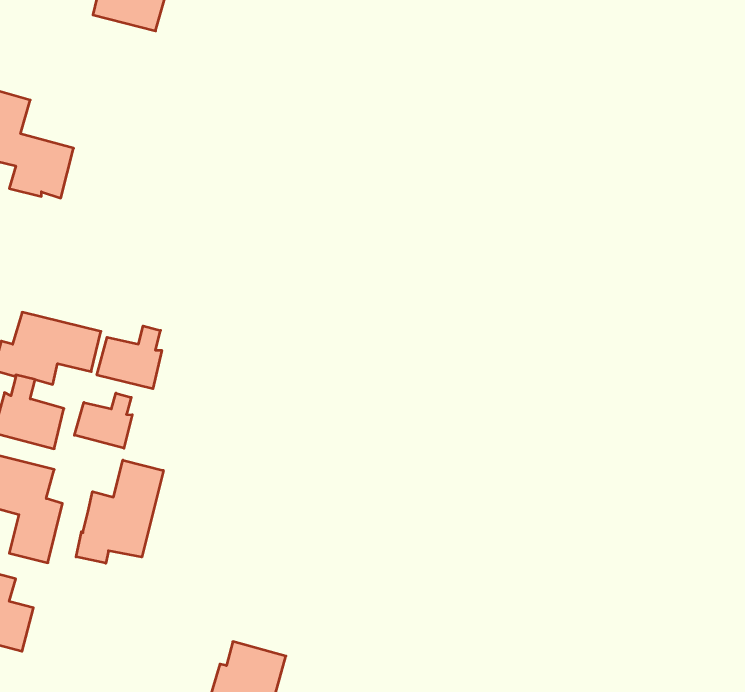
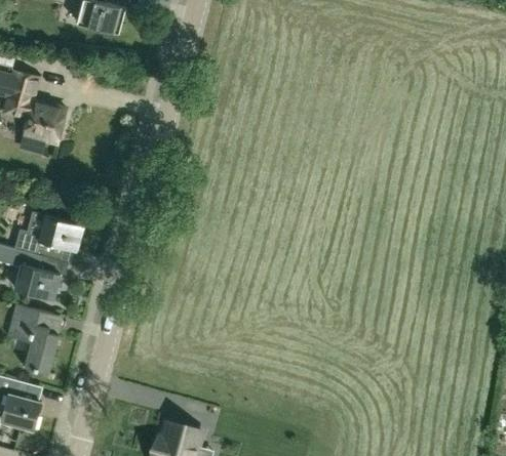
building: [97,326,162,389] -> none
building: [74,393,132,448] -> none
building: [76,460,163,563] -> none

